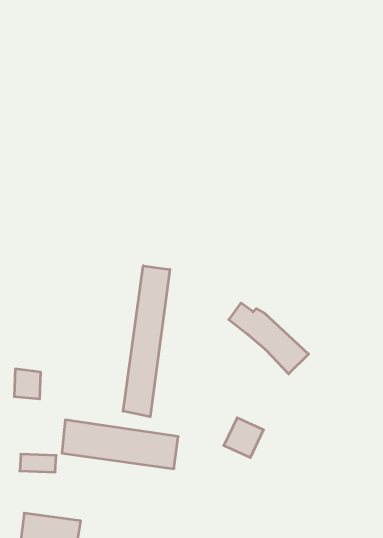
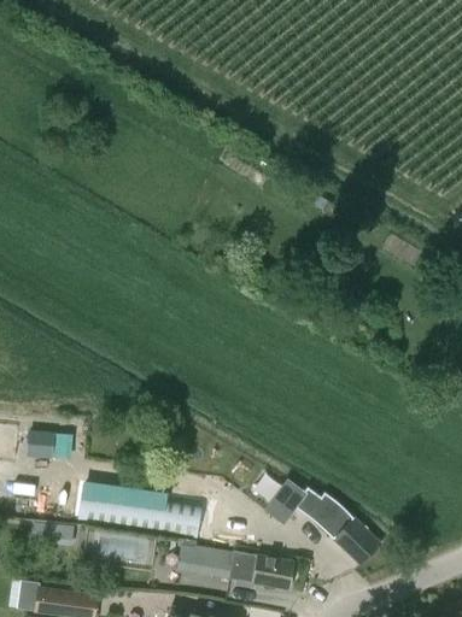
building: [123,266,170,417] -> none
building: [229,303,309,374] -> [293,488,380,565]
building: none -> [188,545,293,589]

